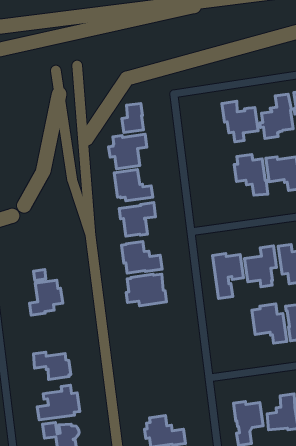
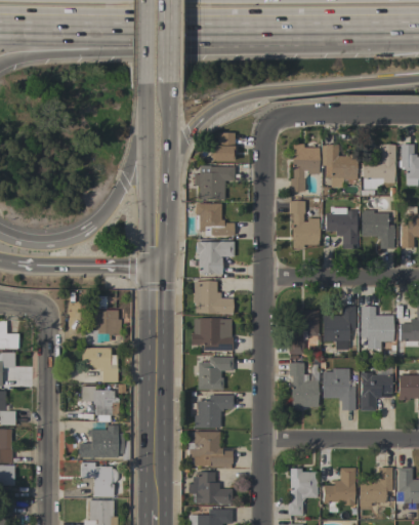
building: none -> [291,139,320,191]
building: none -> [291,201,320,248]
building: none -> [290,363,320,410]
building: none -> [199,357,234,390]
building: none -> [83,348,118,381]
building: none -> [196,395,234,428]
building: none -> [187,432,234,467]

